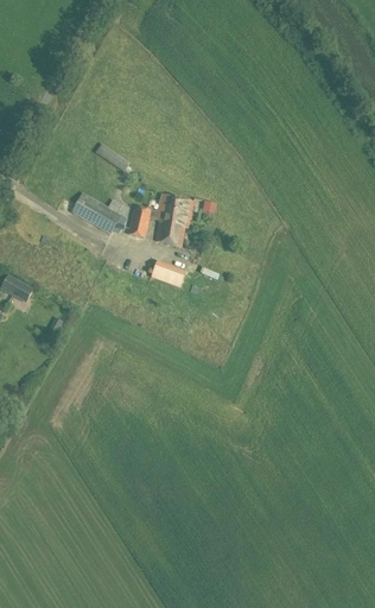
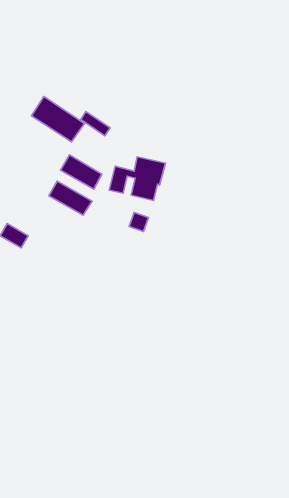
building: none -> [31,97,84,142]
building: none -> [49,181,92,215]

